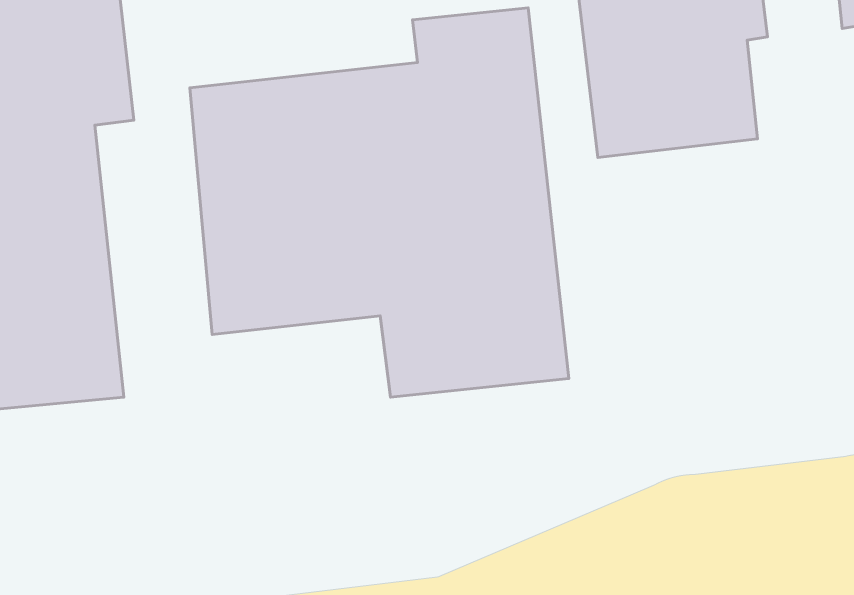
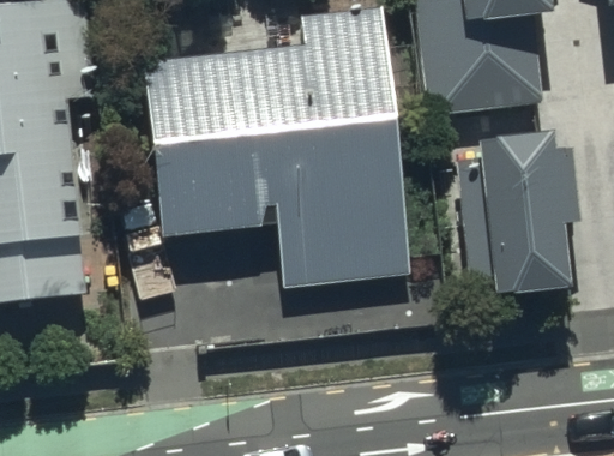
building: none -> [456,148,574,308]

